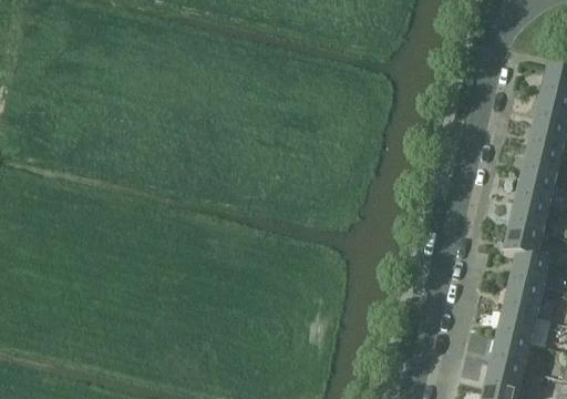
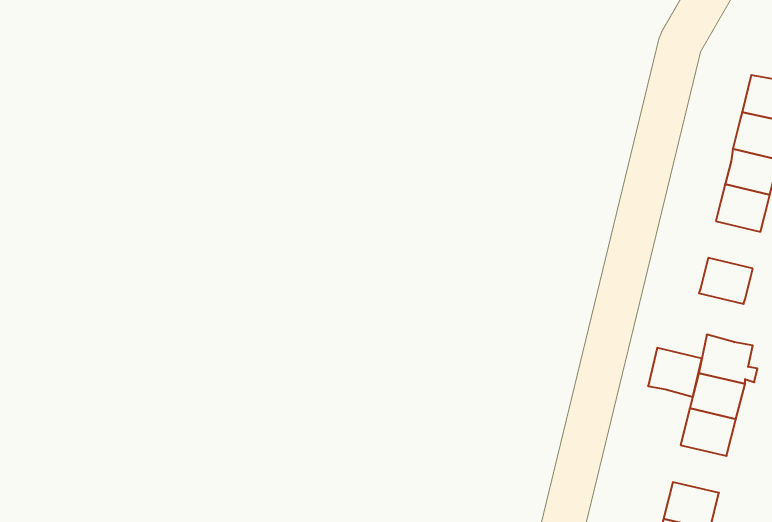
building: [517,167,555,202] -> none
building: [504,219,543,255] -> [648,348,702,397]
building: [492,329,530,364] -> none

